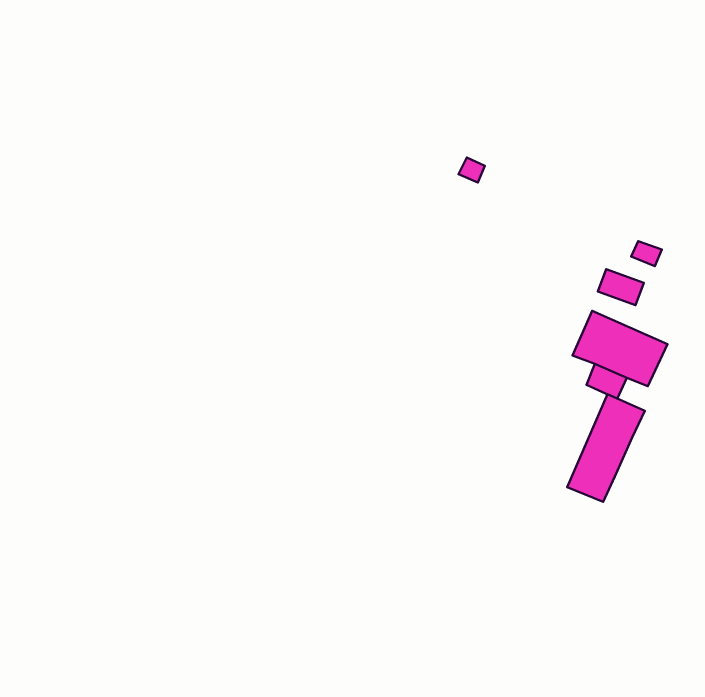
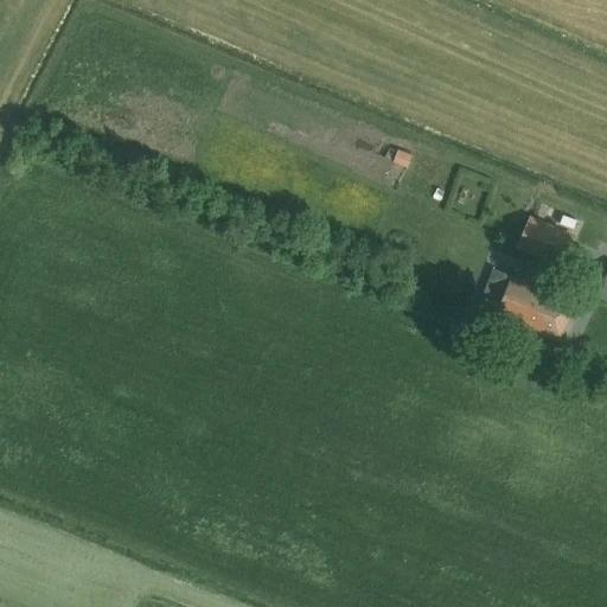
building: [567,394,645,502] -> none

